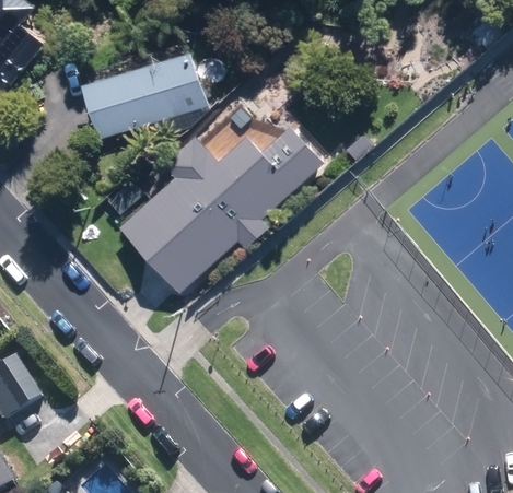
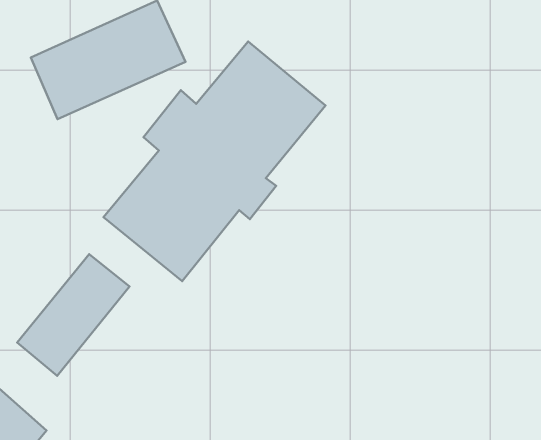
building: none -> [17,254,130,376]

